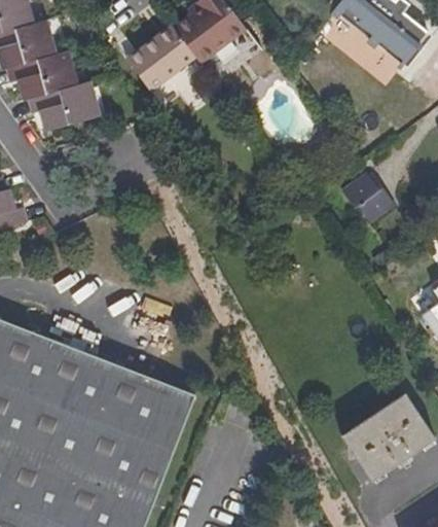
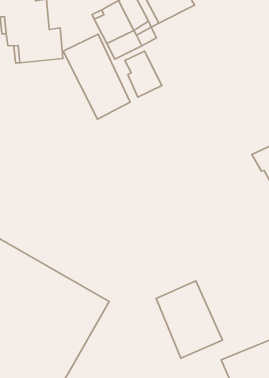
building: none -> [63,34,130,119]
building: none -> [125,51,162,97]
building: none -> [156,281,223,358]

